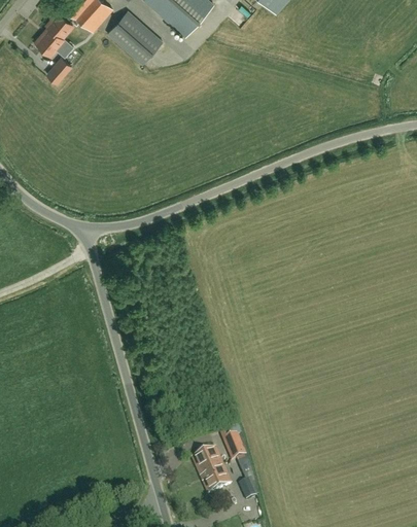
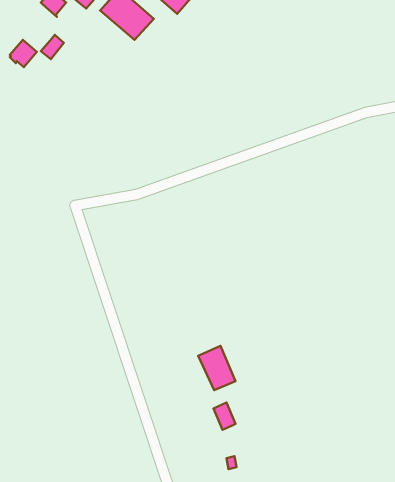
building: [36,28,64,56] -> [10,40,37,67]
building: [193,448,231,493] -> [198,346,236,390]

